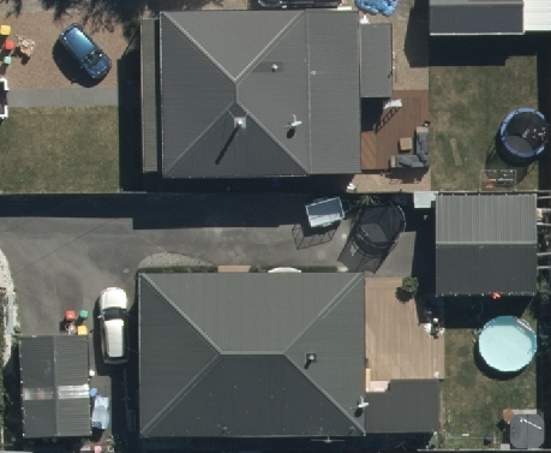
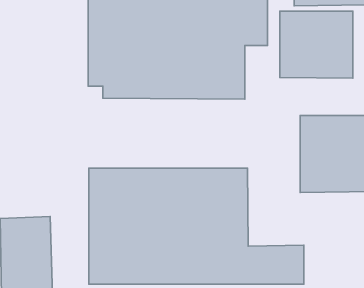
building: none -> [280,11,353,78]

